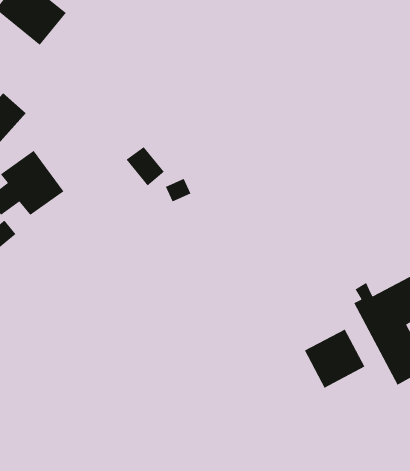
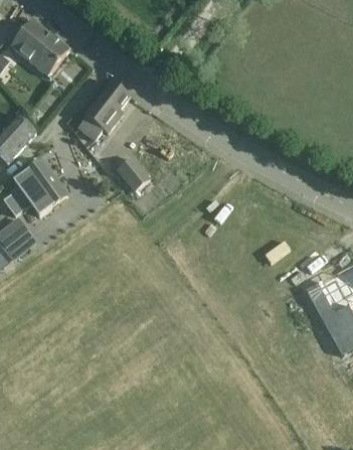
building: none -> [78,82,130,140]
building: [304,328,366,389] -> none

